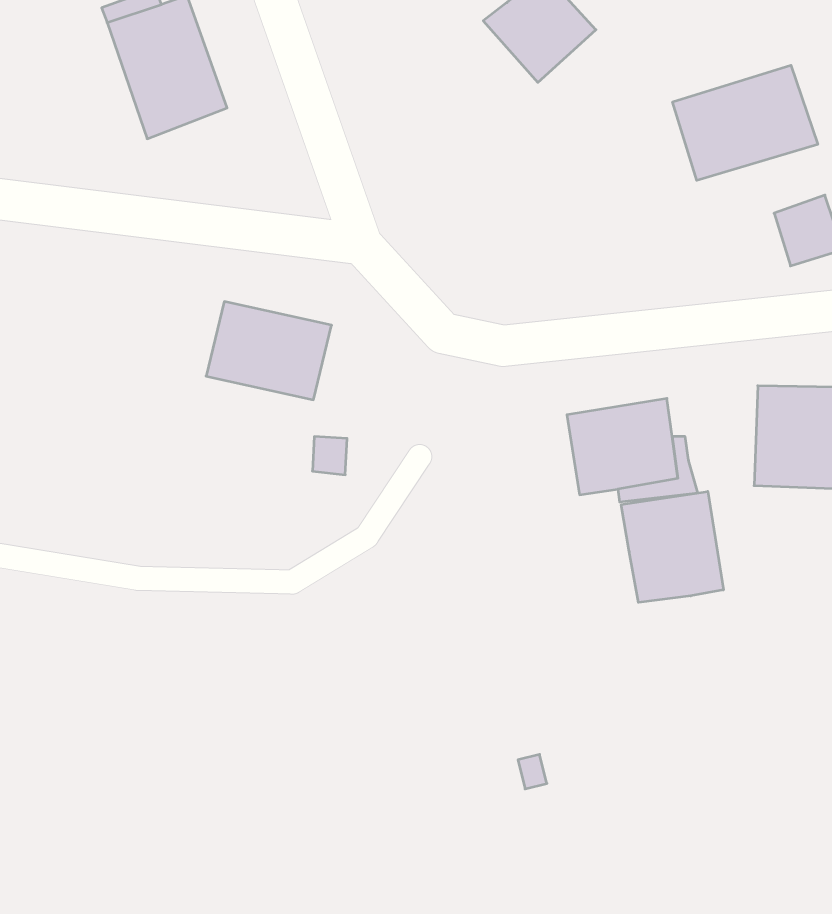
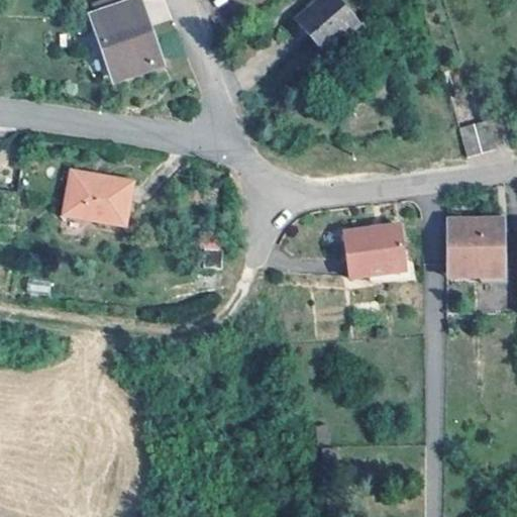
building: [673,65,818,180] -> none
building: [206,302,332,400] -> [62,165,131,219]
building: [621,491,723,602] -> none

